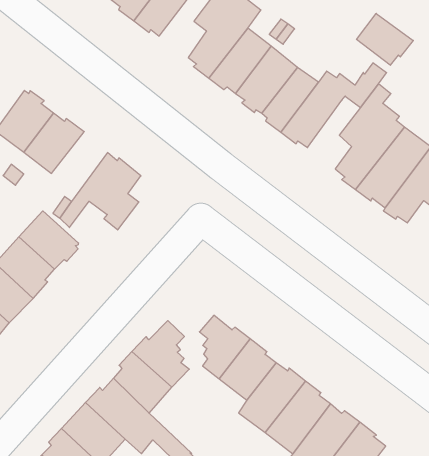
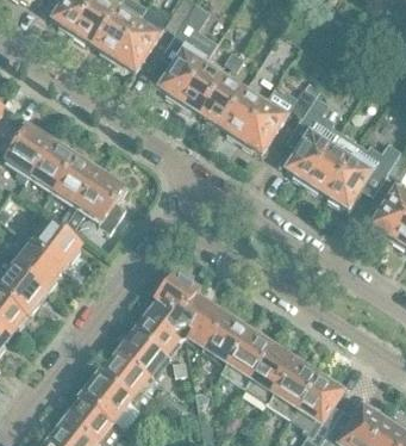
building: [357,13,413,65] -> none
building: none -> [55,154,99,204]
building: none -> [155,270,201,343]

